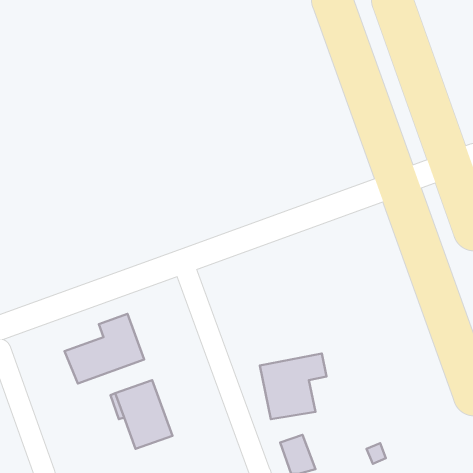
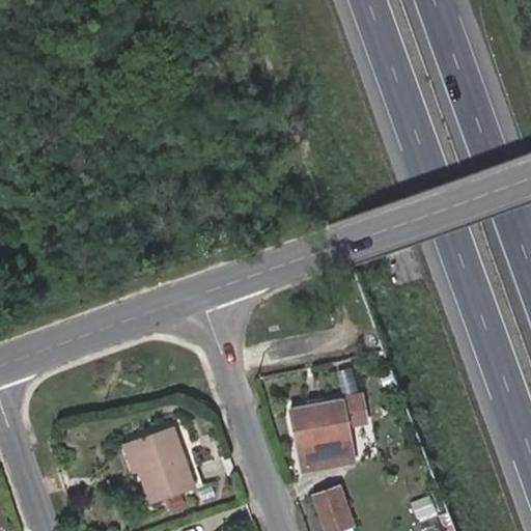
building: [64,314,144,383] -> none

